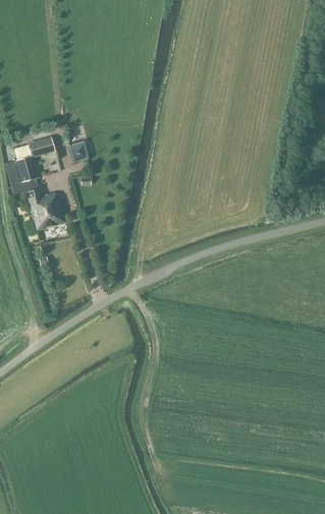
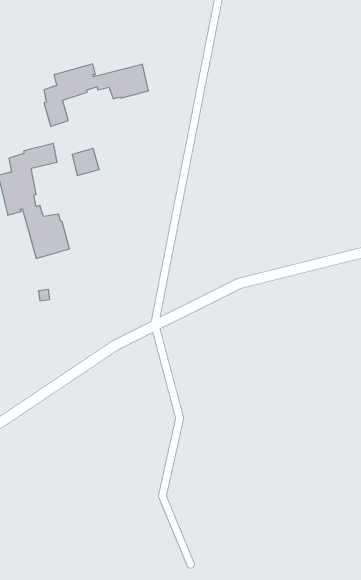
building: none -> [44,64,148,126]

